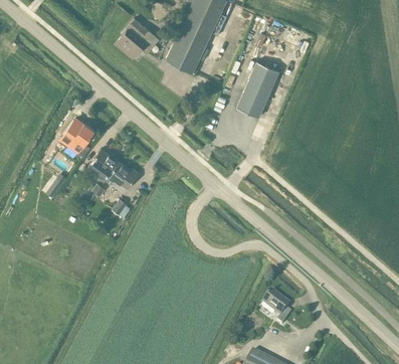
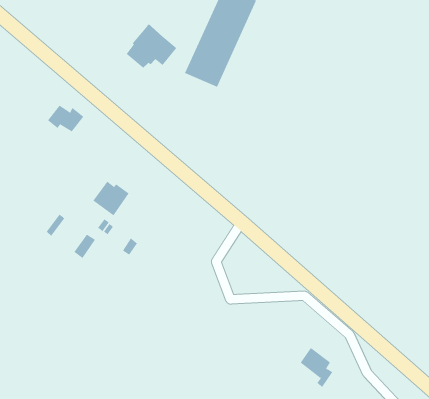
building: [237,63,279,119] -> none
building: [63,123,94,146] -> [47,105,84,132]
building: [106,164,139,190] -> none

